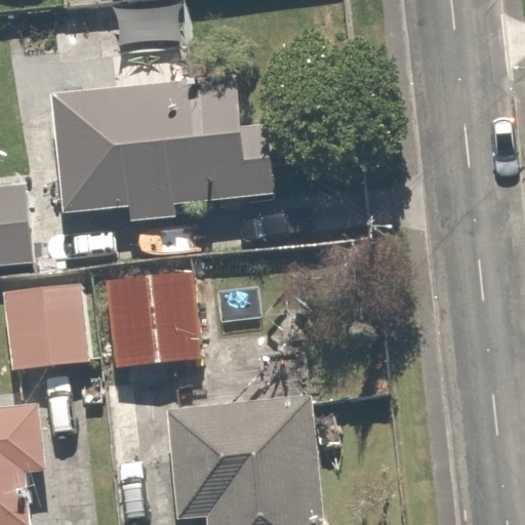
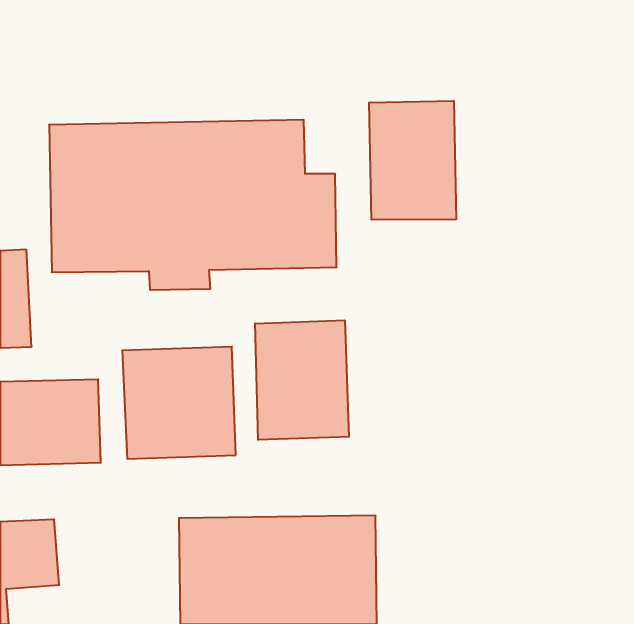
building: none -> [369,101,456,220]
building: none -> [255,320,349,440]

